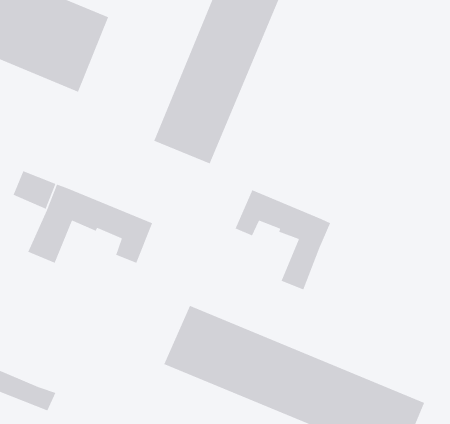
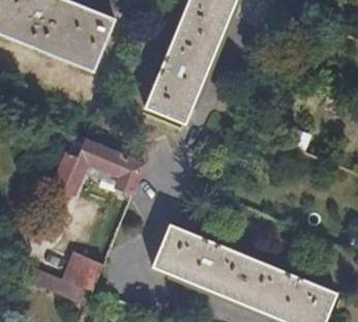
building: [235,189,331,291] -> none
building: none -> [64,256,103,292]

